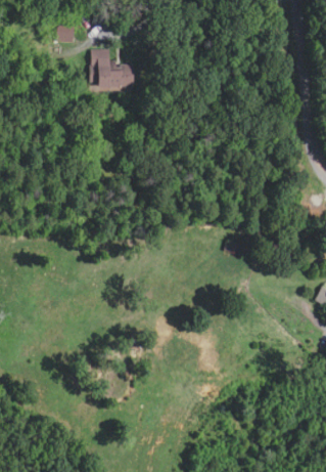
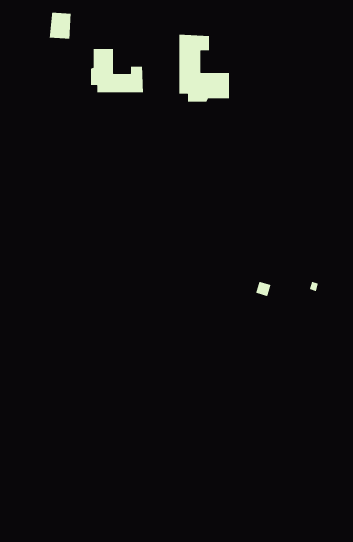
building: none -> [179,34,230,102]

